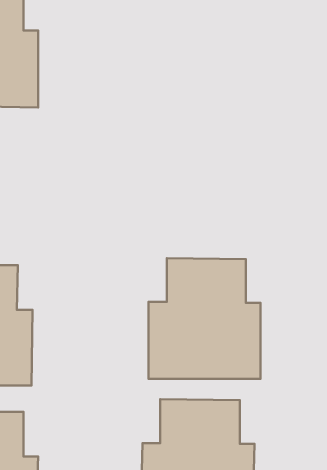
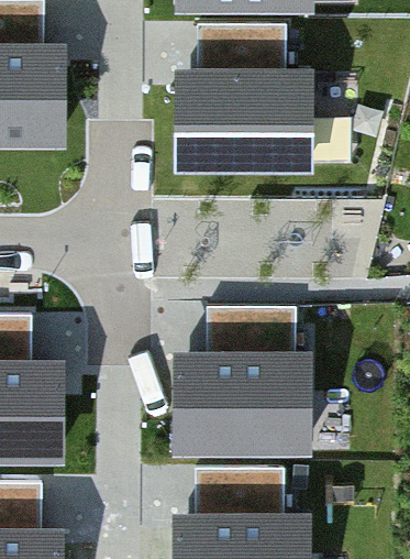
building: none -> [182,29,309,165]

